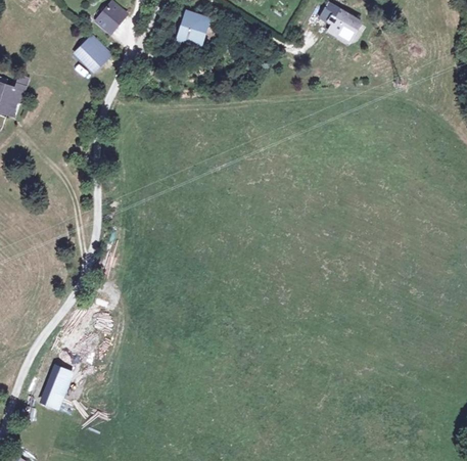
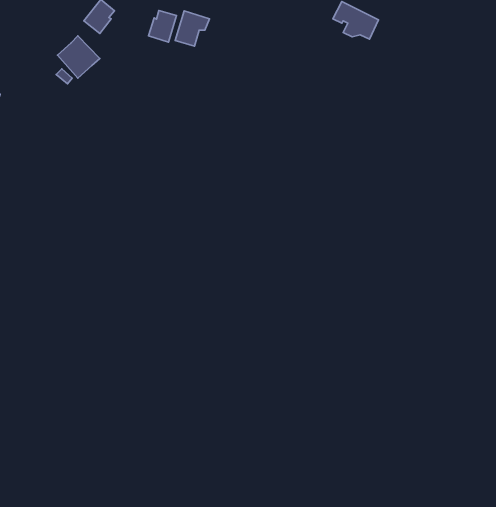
building: none -> [148,11,177,42]
building: [41,364,71,409] -> none

